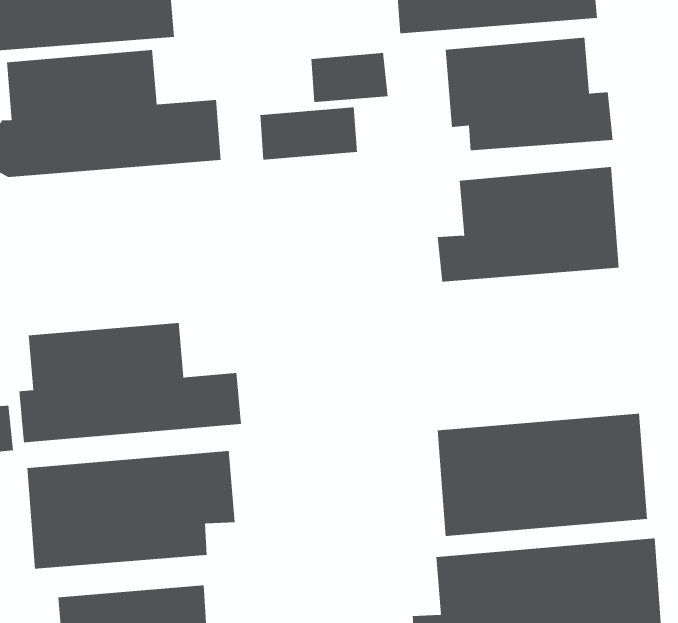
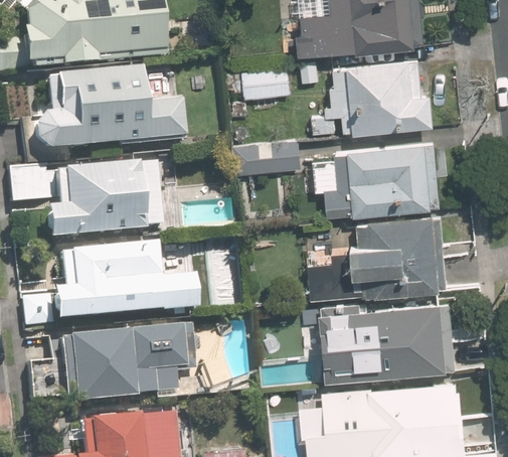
building: [259,107,358,160] -> [237,140,301,174]
building: none -> [46,161,160,238]
building: none -> [310,214,449,298]

